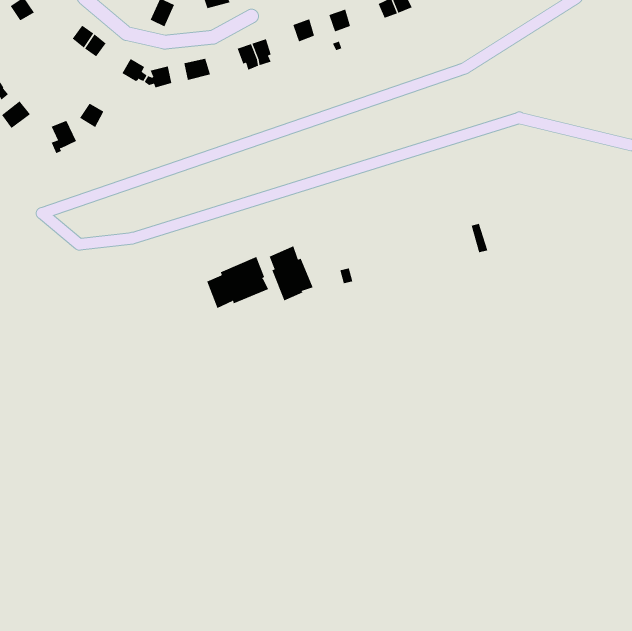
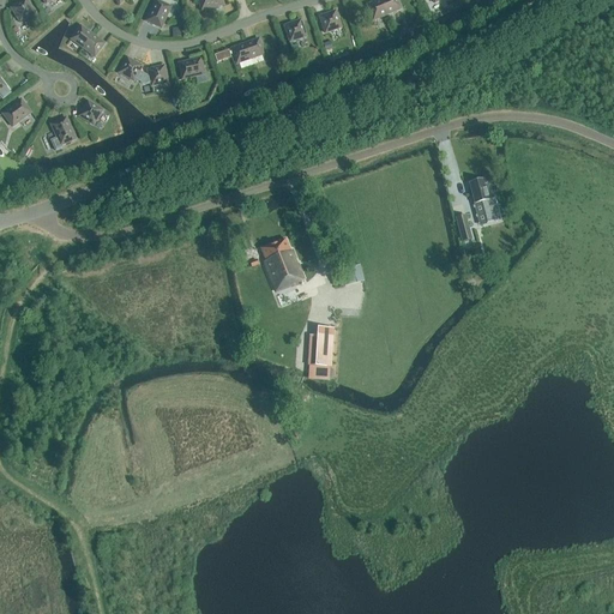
building: none -> [468,180,500,223]
building: [207,256,269,309] -> none
building: none -> [307,327,331,379]

